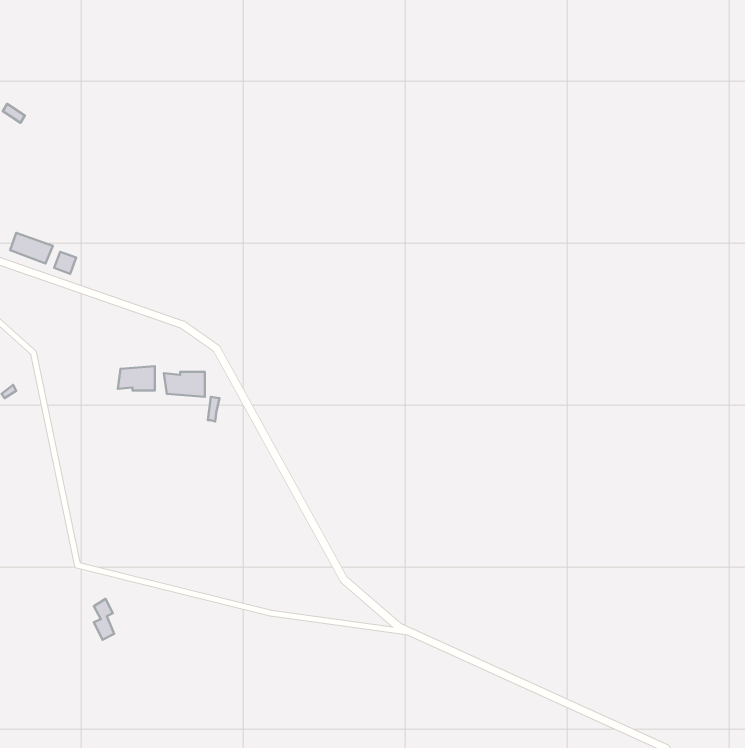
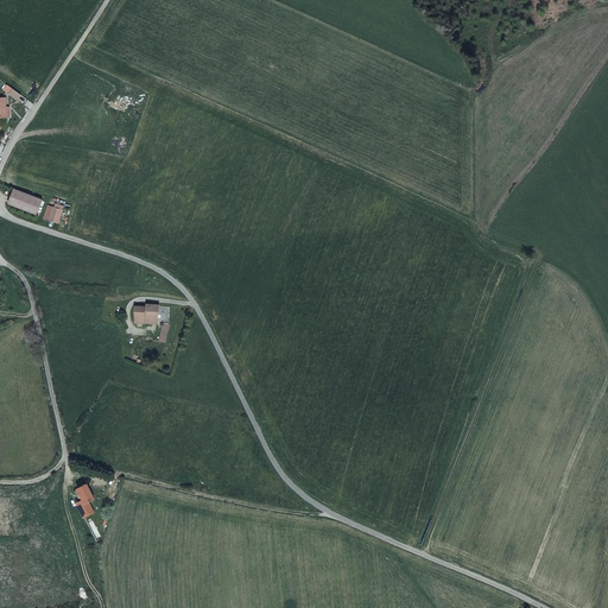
building: [118,366,155,390] -> none

